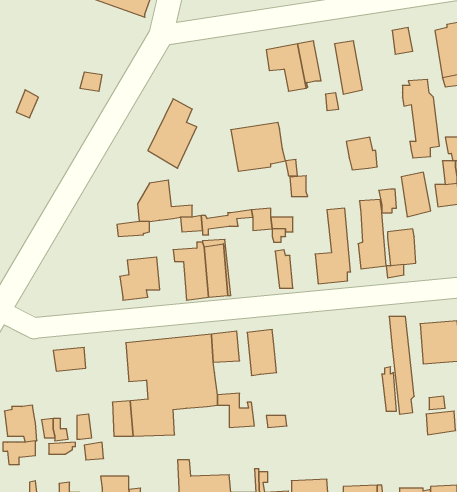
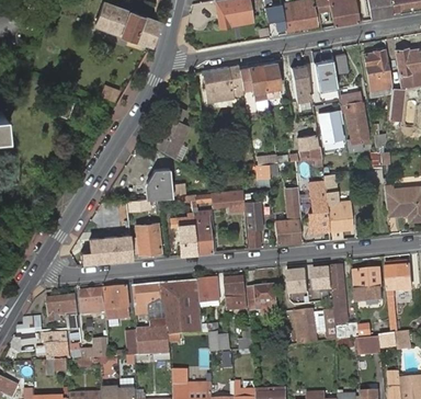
building: none -> [314,59,337,90]
building: [231,122,286,171] -> [203,65,243,101]
building: [401,172,431,217] -> [319,110,341,142]
building: none -> [82,231,133,262]
building: none -> [311,266,332,290]
building: none -> [286,267,308,295]
building: none -> [248,284,278,321]
building: none -> [106,287,129,319]
building: none -> [47,294,79,329]
building: none -> [296,309,317,342]

